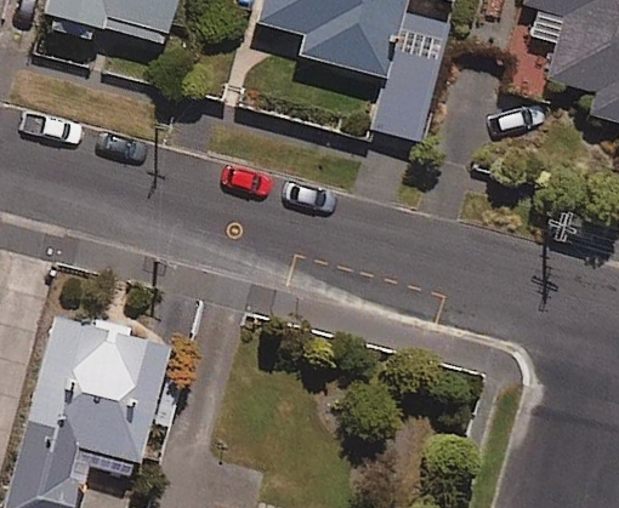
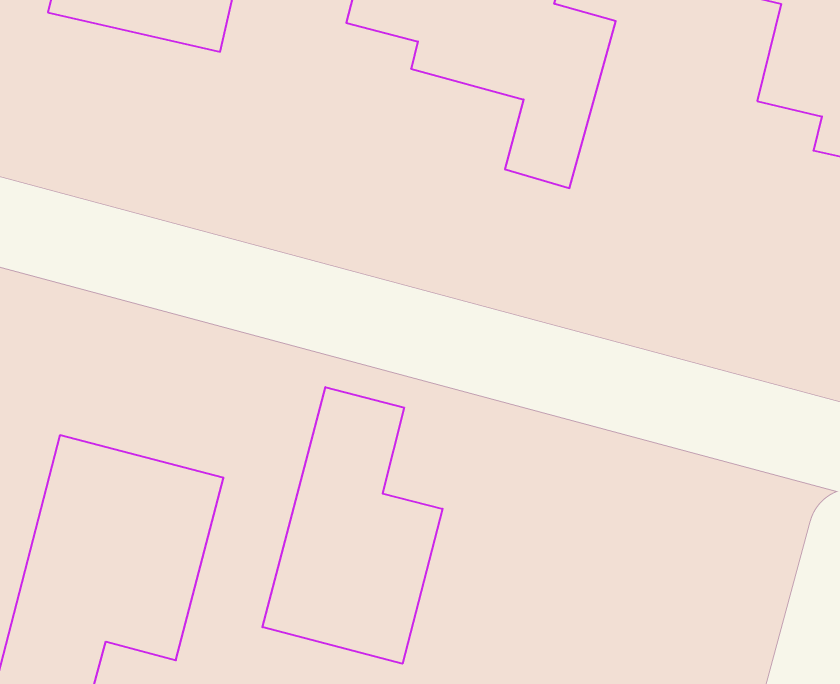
building: none -> [262,387,443,664]

